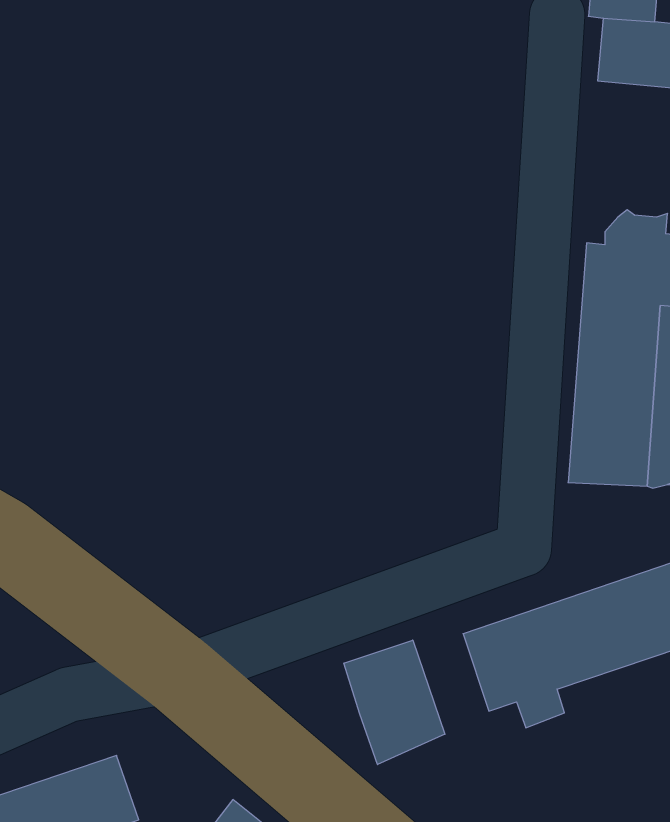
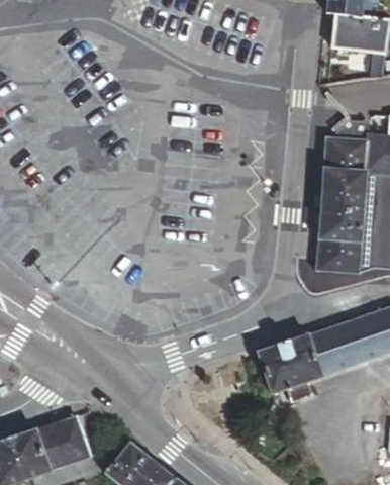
building: [344,640,445,765] -> none

